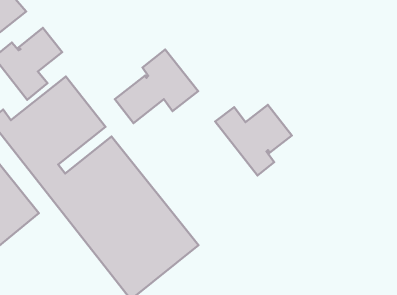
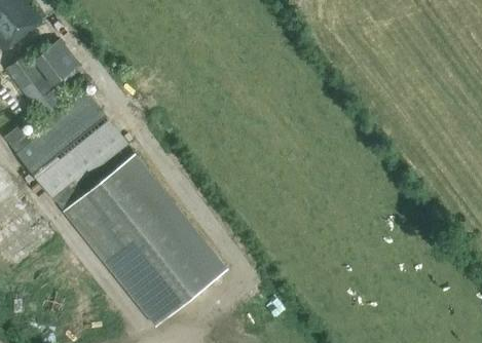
building: [115,49,198,123] -> none
building: [215,105,292,175] -> none

